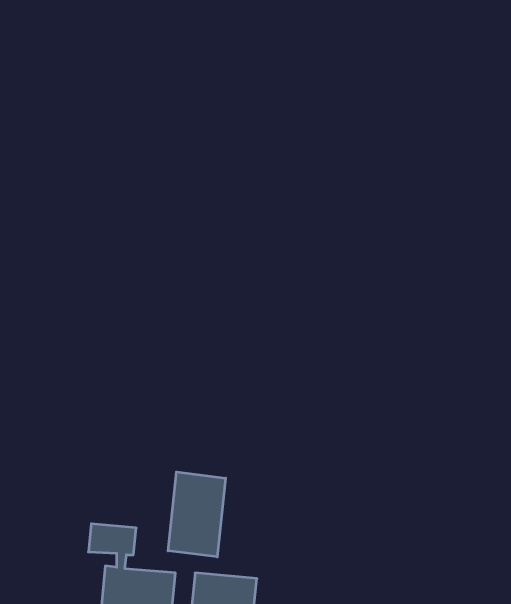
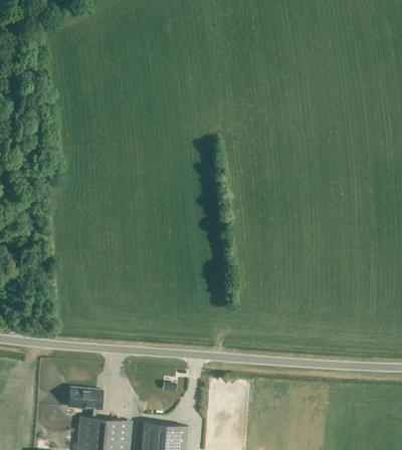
building: [168,472,226,557] -> none

